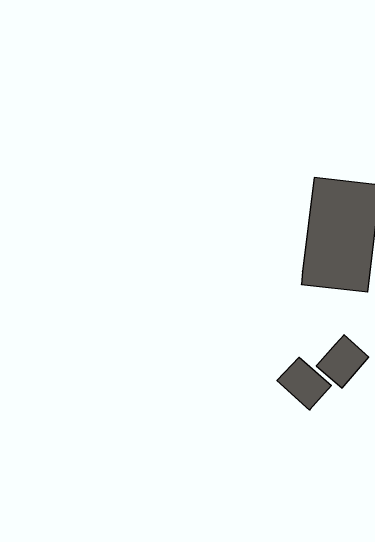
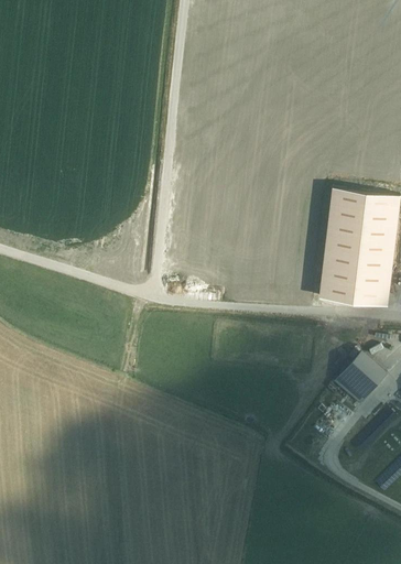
building: [277,357,331,410] -> none

